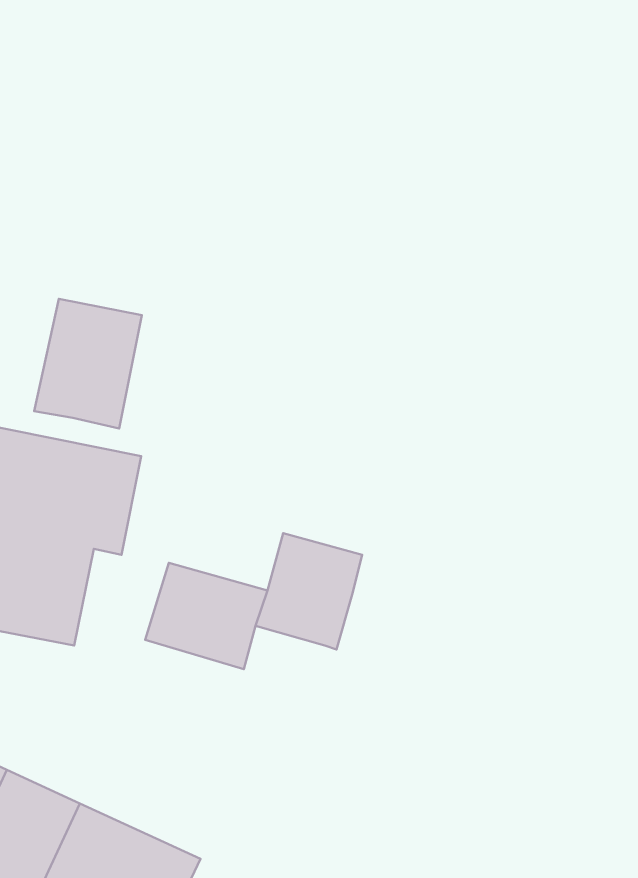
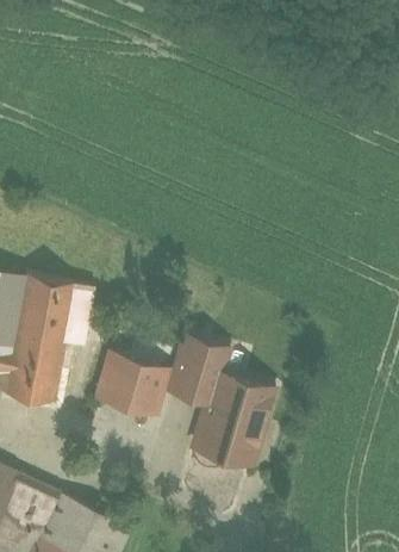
building: [34,299,142,428] -> none
building: none -> [192,372,278,467]

